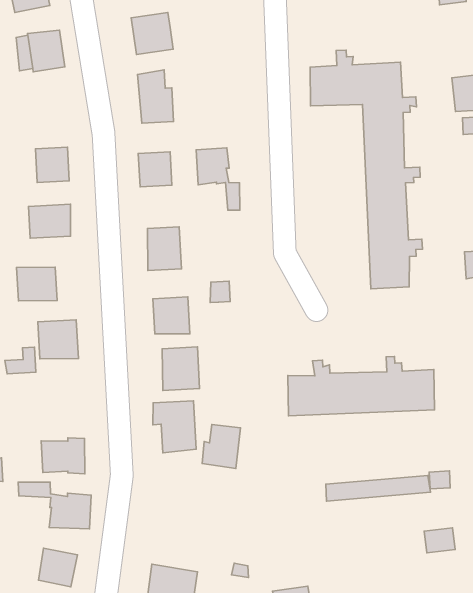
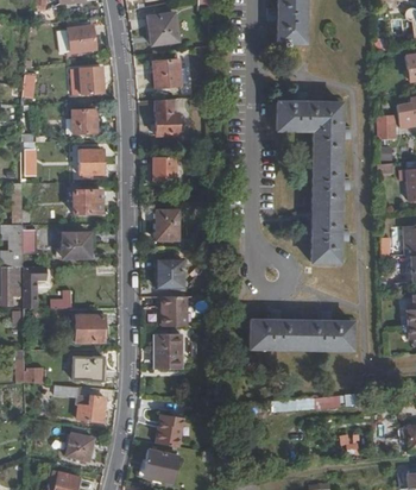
building: none -> [71,109,96,133]
building: [196,148,240,210] -> none
building: [38,320,78,359] -> [76,315,103,343]
building: [202,424,241,468] -> [155,415,183,447]

